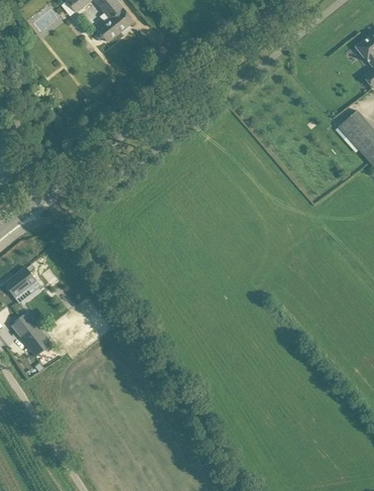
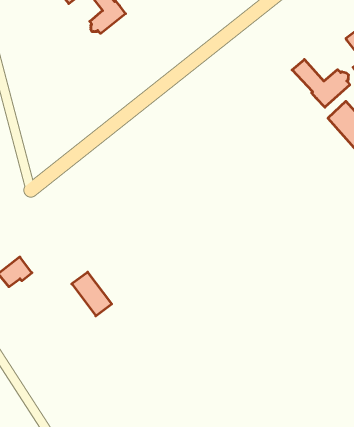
building: none -> [292,59,350,107]
building: [11,312,51,356] -> [72,272,112,316]

